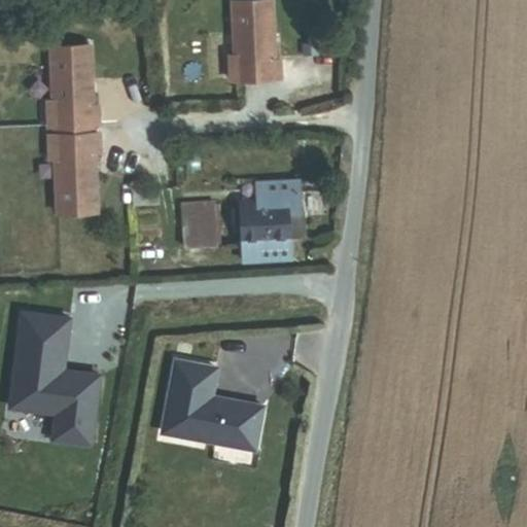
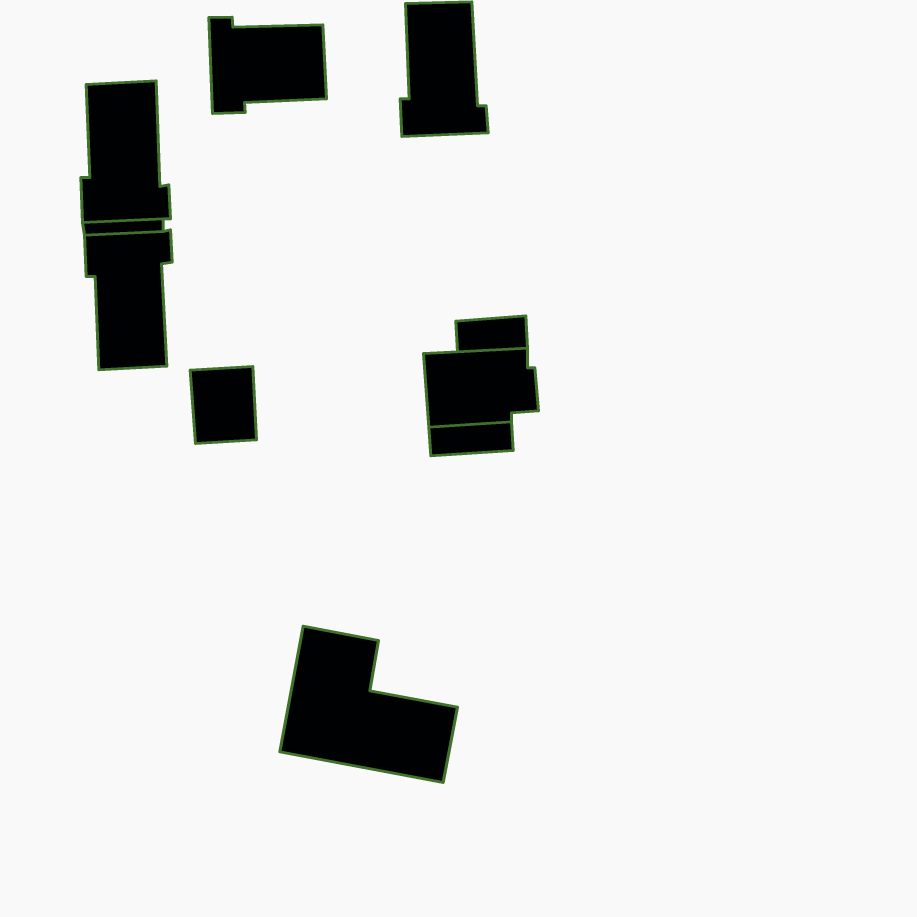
building: none -> [209,17,327,114]
building: [182,205,220,249] -> [190,366,257,444]
building: [9,313,99,445] -> none

